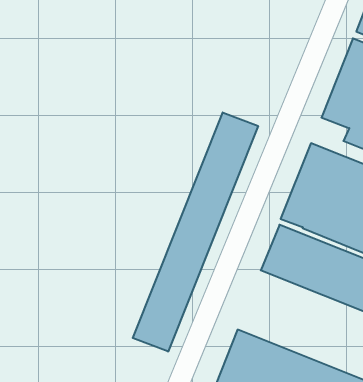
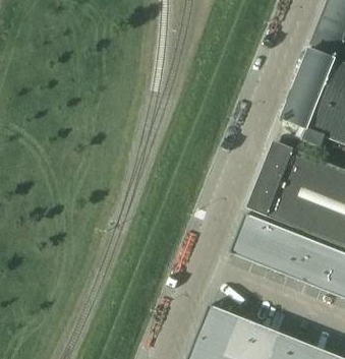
building: [133,112,258,352] -> none

